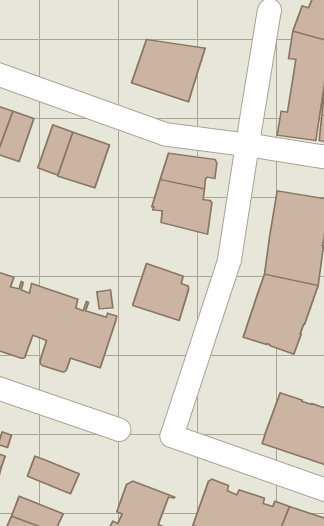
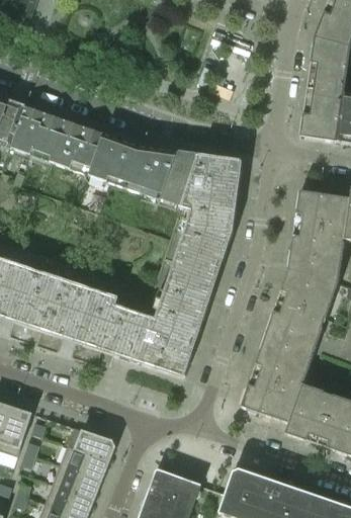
building: [132,40,205,102] -> [124,145,195,204]
building: none -> [52,119,84,167]
building: none -> [174,218,233,271]
building: none -> [129,296,205,376]
building: none -> [241,330,316,422]
building: none -> [75,429,115,461]
building: none -> [52,463,101,500]

